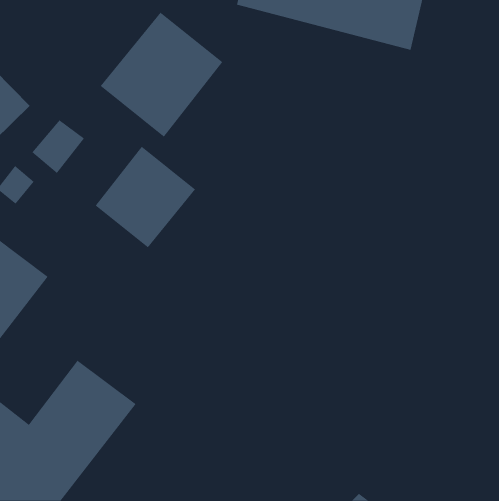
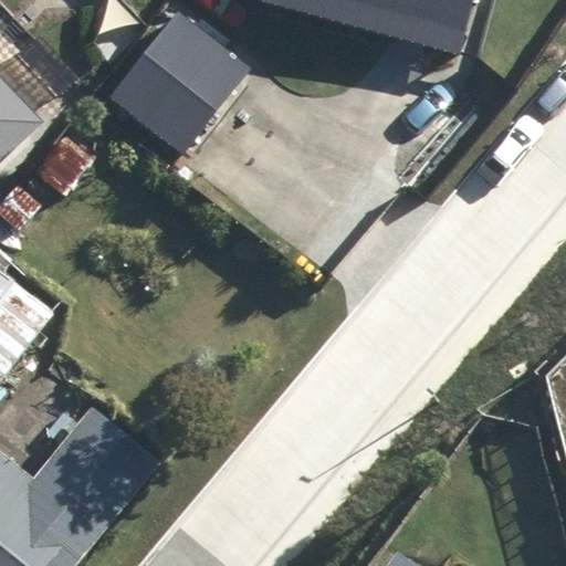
building: [95,146,196,248] -> none

